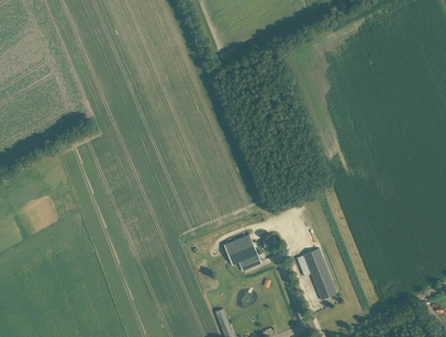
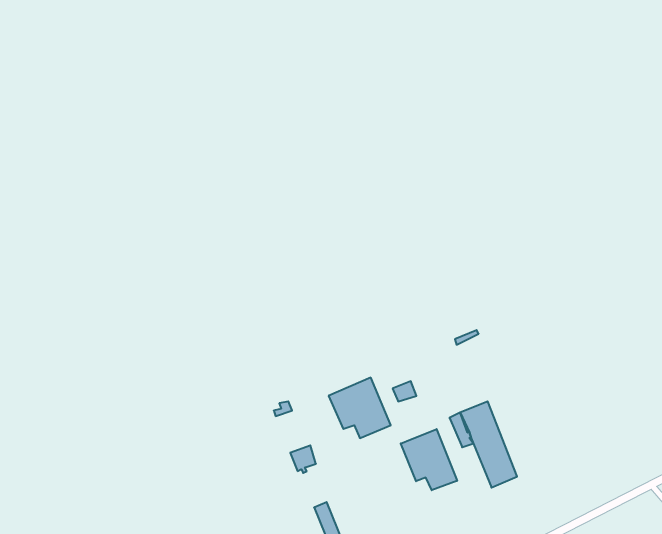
building: none -> [401,429,457,490]

